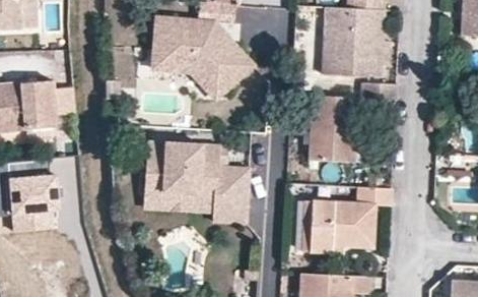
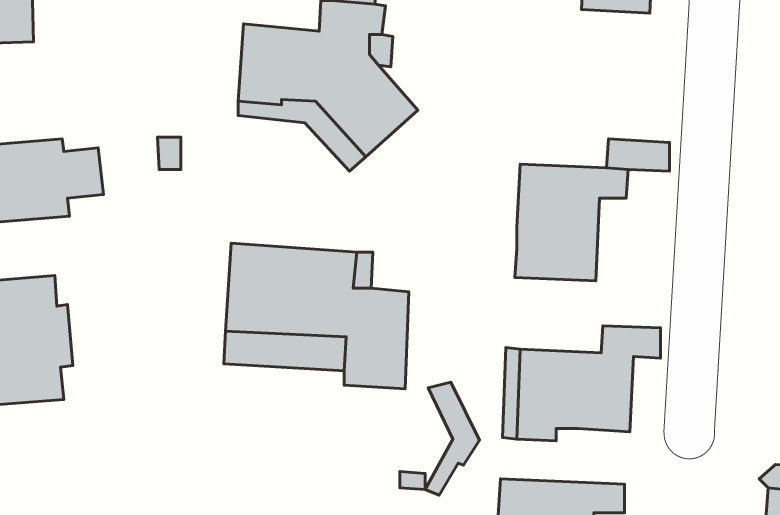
building: [322,7,385,76] -> none
building: none -> [425,382,480,495]

